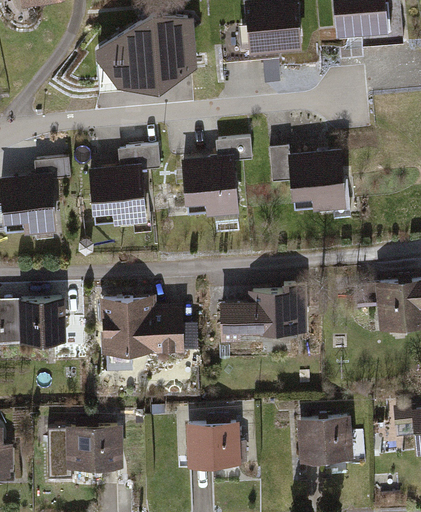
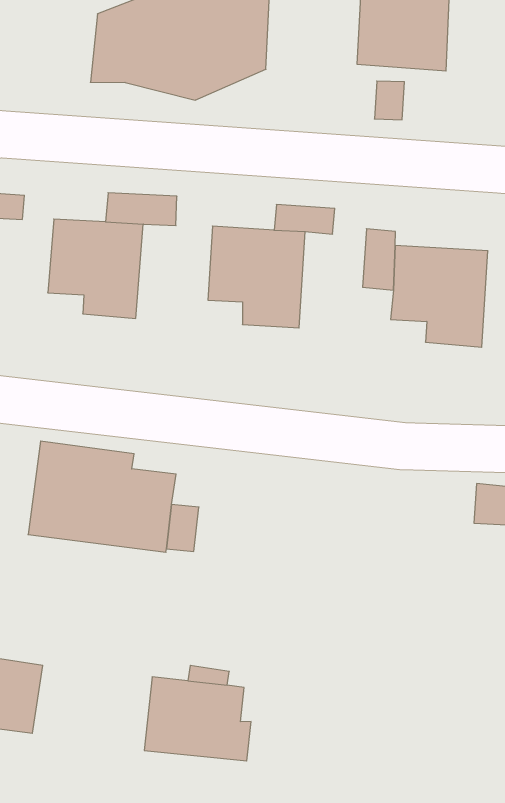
building: [220,285,308,341] -> none
building: [297,418,352,463] -> none

